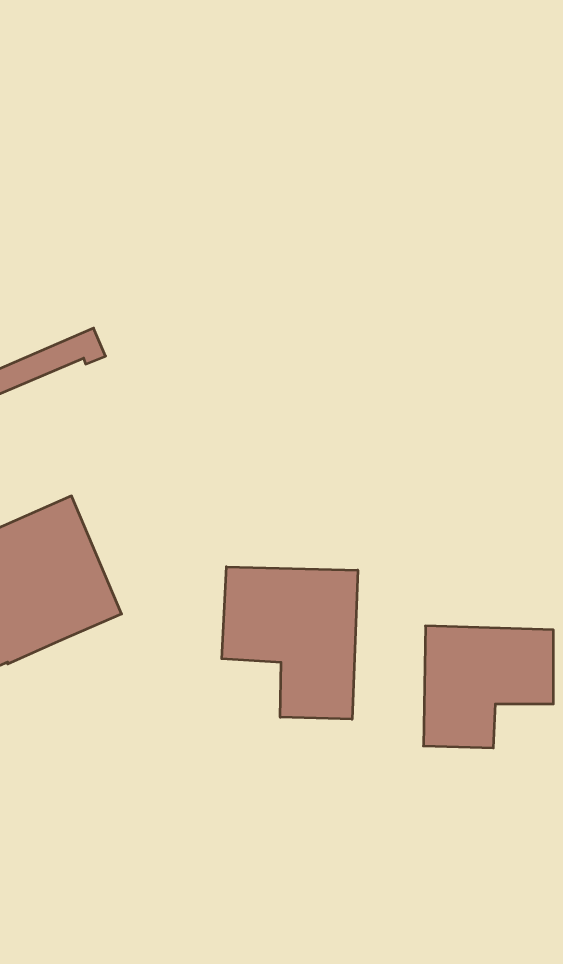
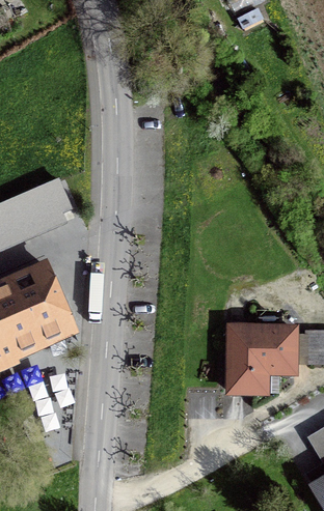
building: [222,567,358,719] -> none

